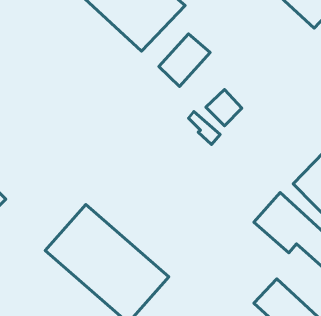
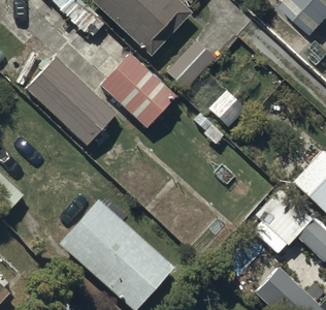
building: none -> [100,53,175,127]
building: none -> [27,58,116,145]

